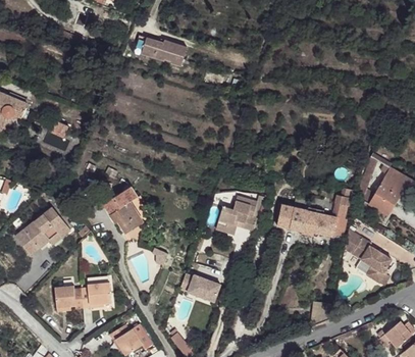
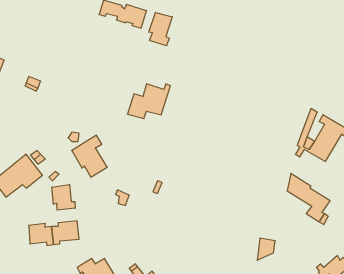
building: none -> [149,12,172,46]
building: [277,188,352,236] -> none
building: [215,195,263,234] -> [127,84,170,119]
building: none -> [52,184,75,210]
building: [179,273,220,301] -> none

